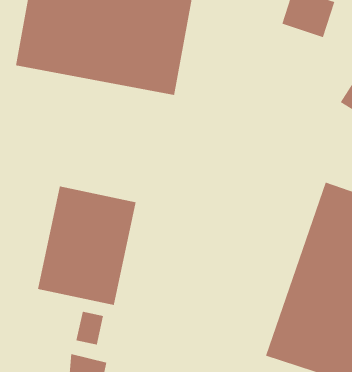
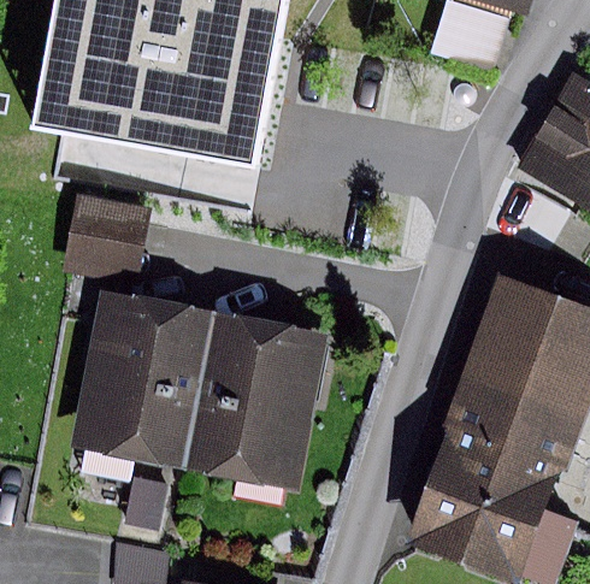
building: none -> [65,197,151,281]
building: none -> [182,315,329,494]

